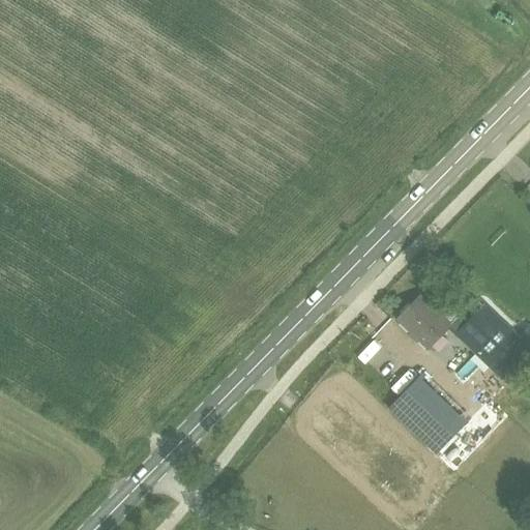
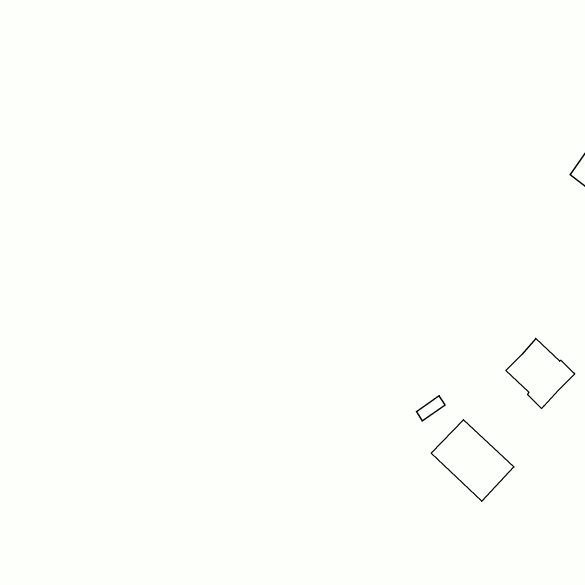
building: [400,296,452,348] -> none

